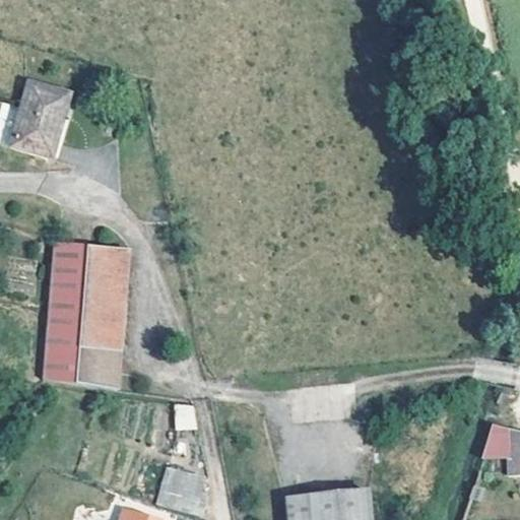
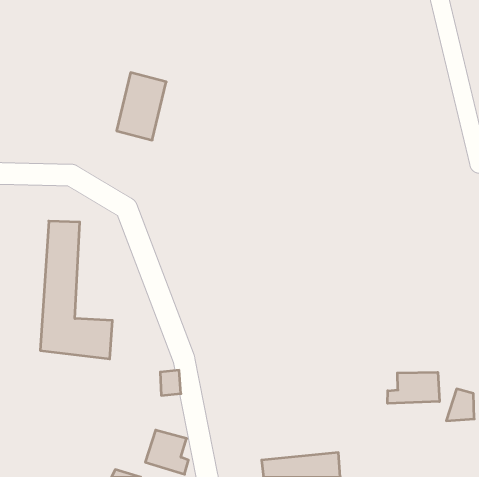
building: [15,90,69,164] -> [117,73,166,140]
building: [81,241,127,347] -> none
building: none -> [388,372,439,403]

